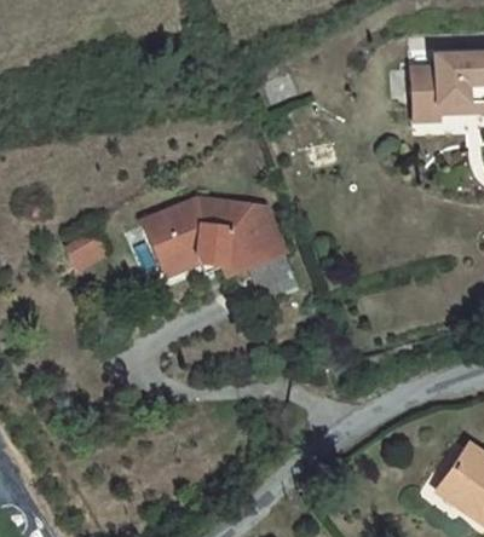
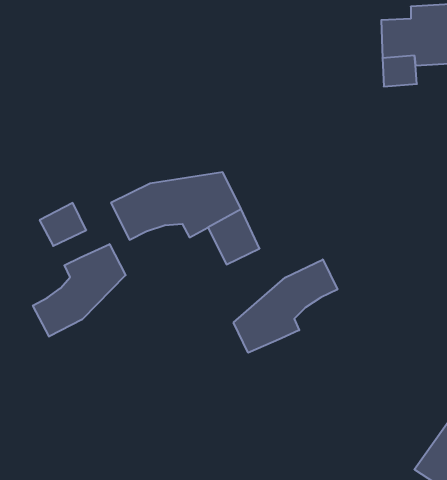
building: none -> [33,244,126,337]
building: none -> [234,259,337,353]

